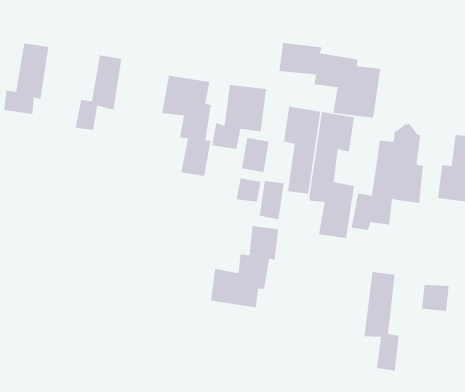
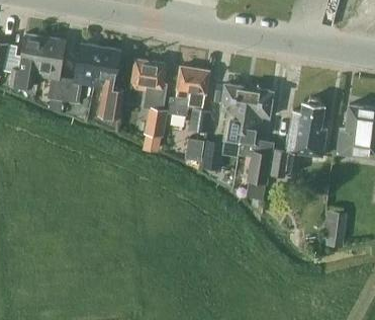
building: [279,42,381,119] -> none
building: none -> [39,38,69,99]
building: none -> [94,48,122,117]
building: [210,225,279,308] -> none
building: [364,271,399,372] -> none

